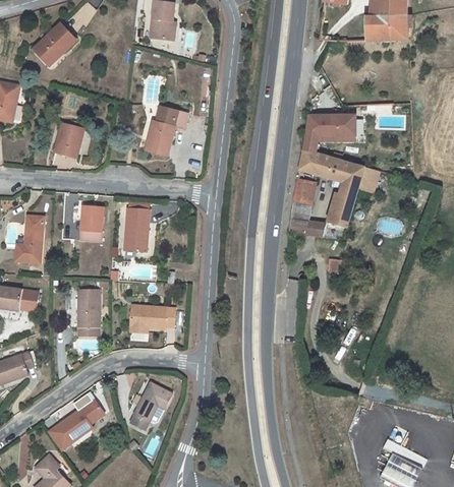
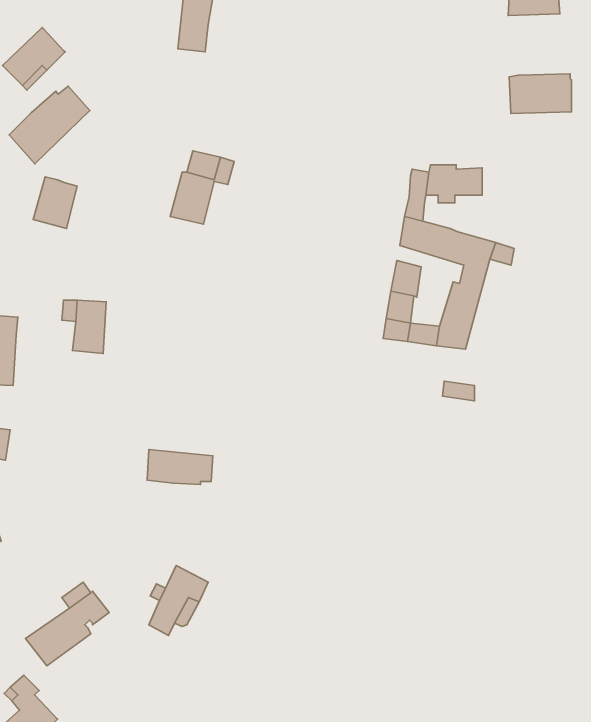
building: [365,13,407,40] -> [509,74,572,113]
building: none -> [9,86,90,164]
building: [125,207,149,251] -> none
building: [77,288,100,334] -> none

